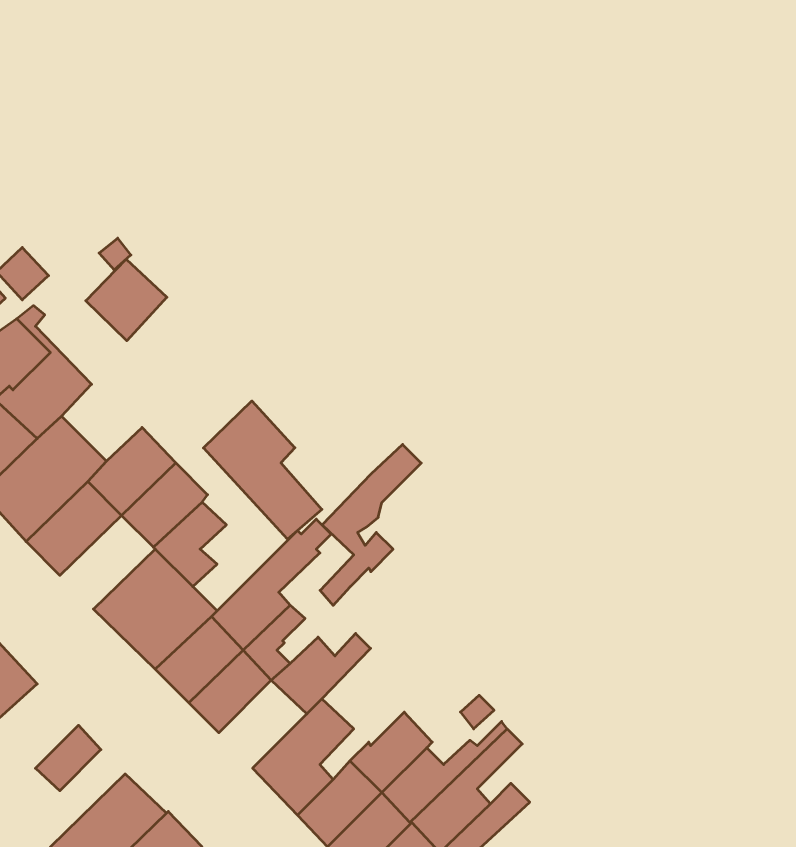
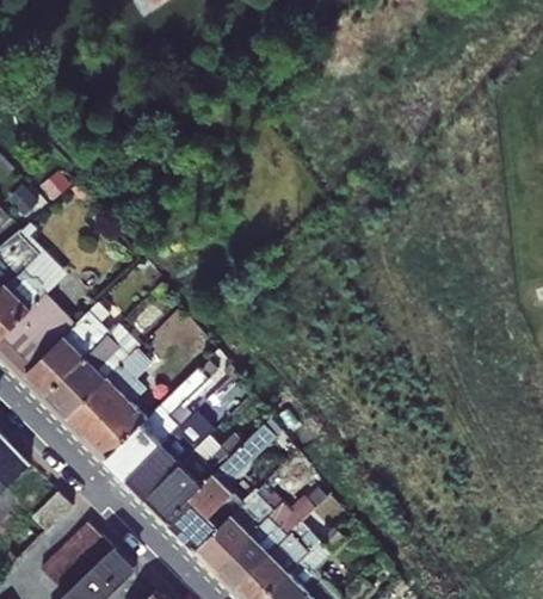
building: [86,259,167,341] -> none
building: [203,401,322,539] -> none
building: [320,444,421,605] -> [209,425,273,527]
building: none -> [43,359,104,419]
building: none -> [144,464,200,520]

